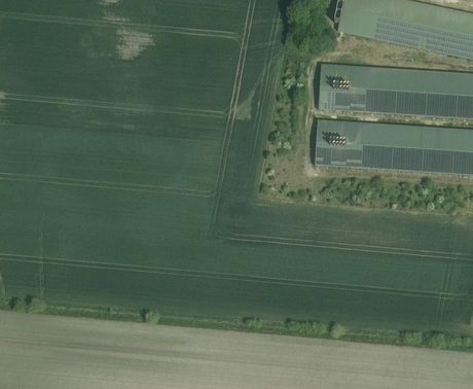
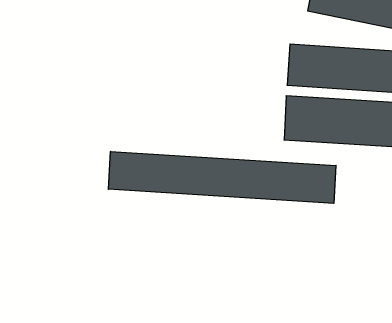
building: none -> [108,151,336,203]

